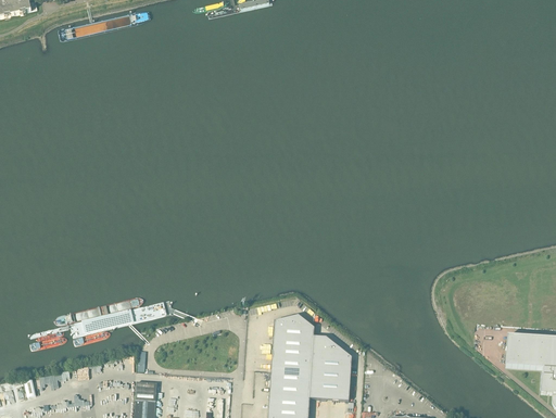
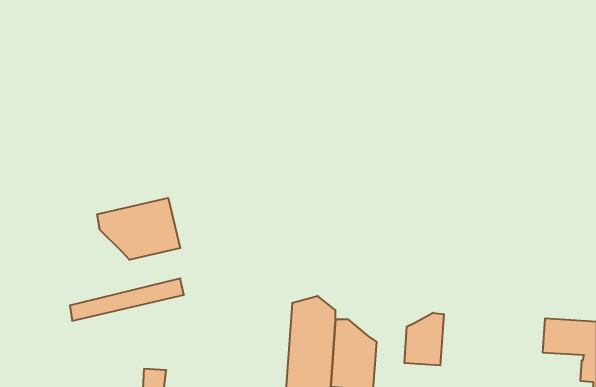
building: none -> [97,198,180,260]
building: none -> [405,313,444,365]

